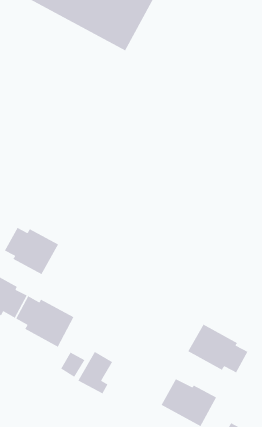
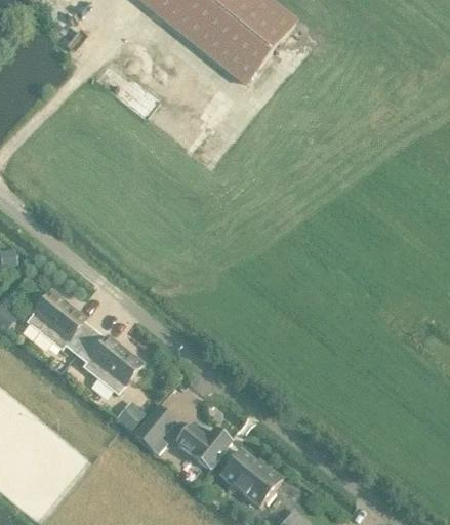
building: [4,227,59,275] -> none
building: [187,323,249,373] -> none
building: none -> [176,423,232,469]

